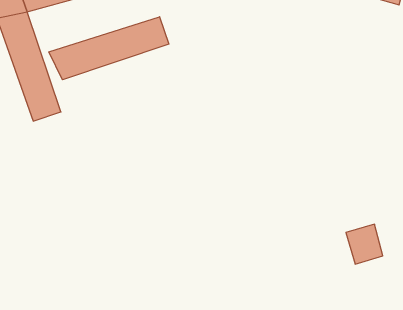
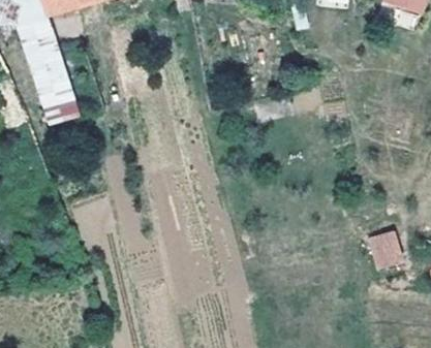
building: [49,17,169,80] -> none

